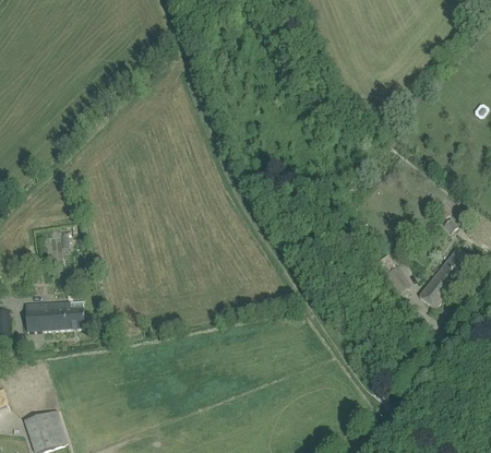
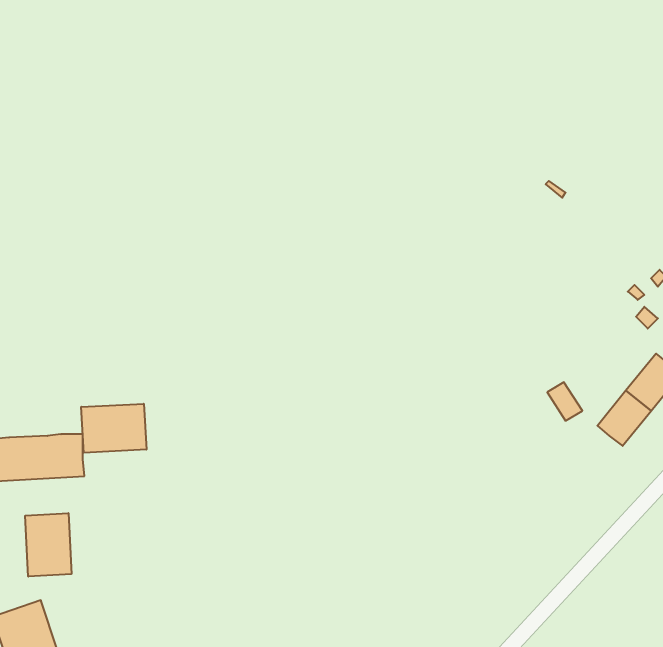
building: none -> [81,404,146,453]
building: none -> [25,513,71,577]

